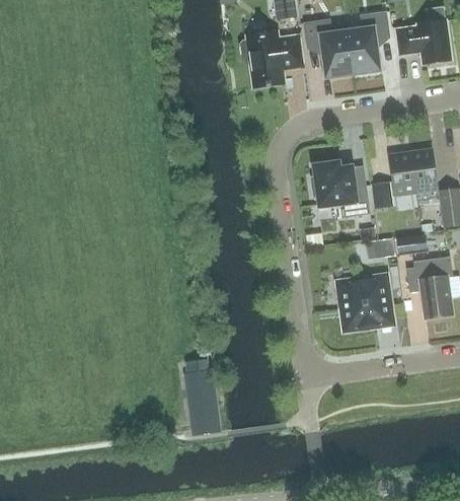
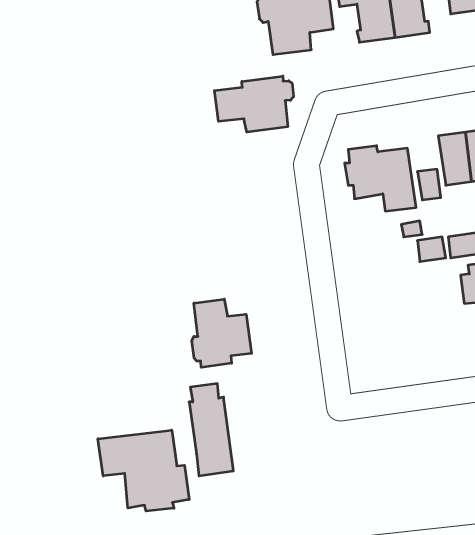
building: none -> [214,76,294,132]
building: [338,276,393,331] -> none
building: none -> [192,299,252,367]
building: none -> [98,430,189,511]

